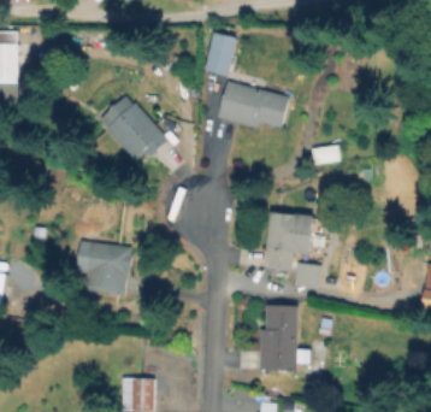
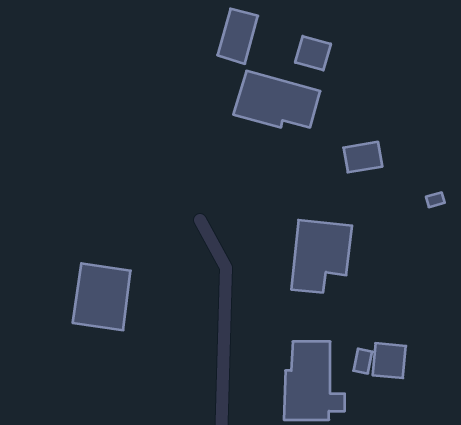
building: none -> [295,36,331,70]
building: [100,98,166,161] -> none
building: [295,261,323,290] -> [373,343,406,378]

